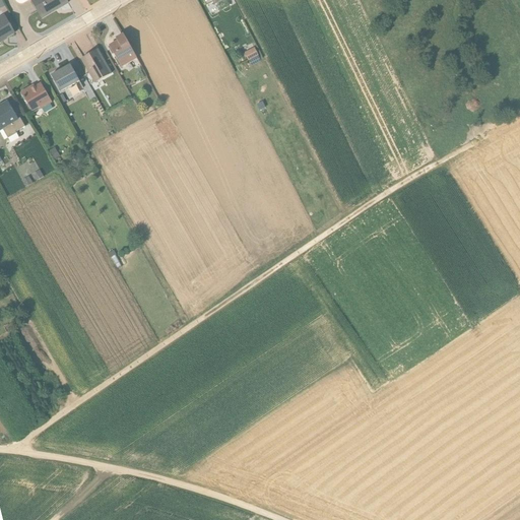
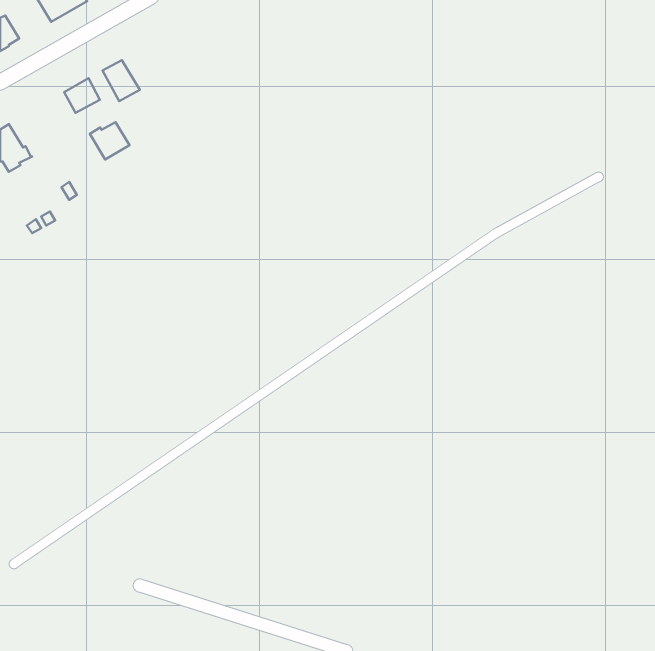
building: [109,31,137,65] -> none
building: [20,81,52,111] -> [90,122,130,159]

